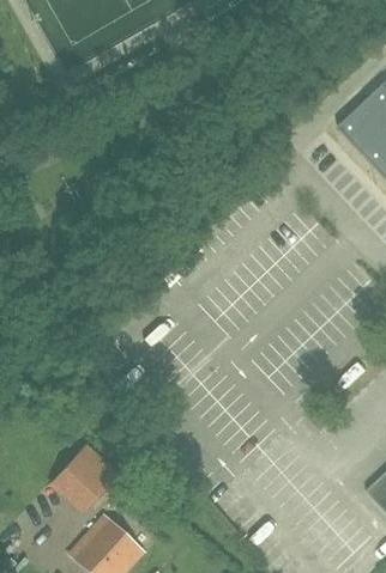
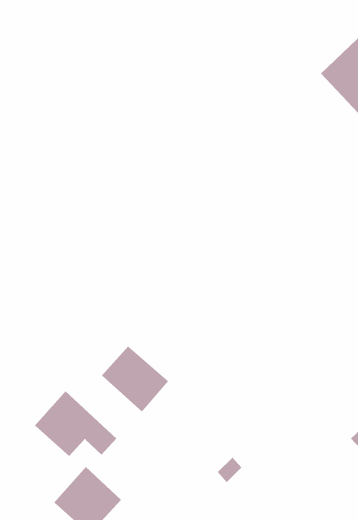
building: none -> [101,345,169,412]

